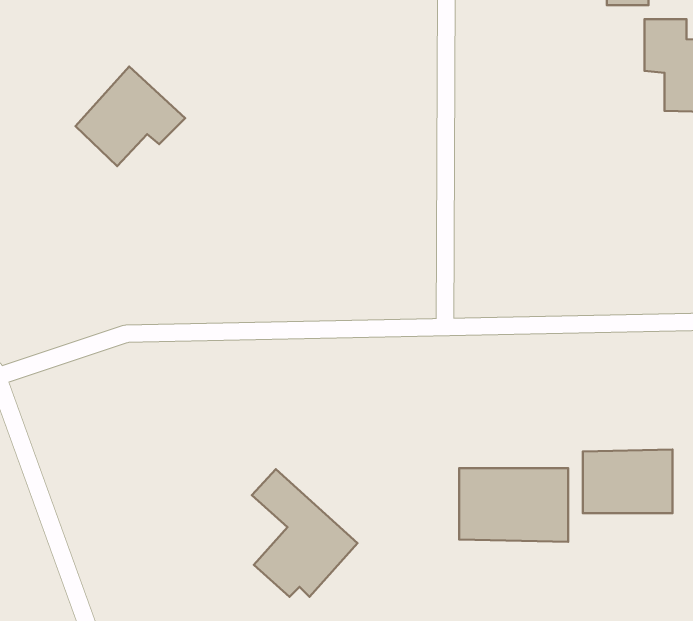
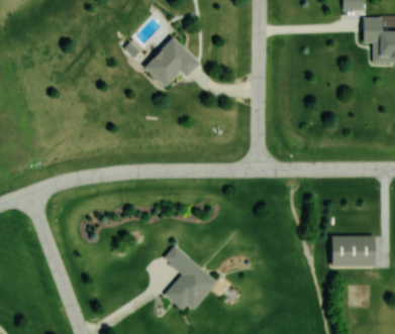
building: [75,66,185,166] -> [144,36,200,87]
building: [459,468,568,542] -> none

